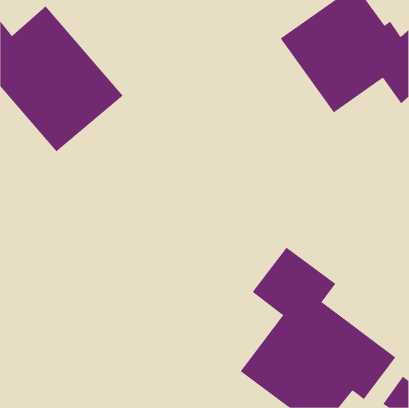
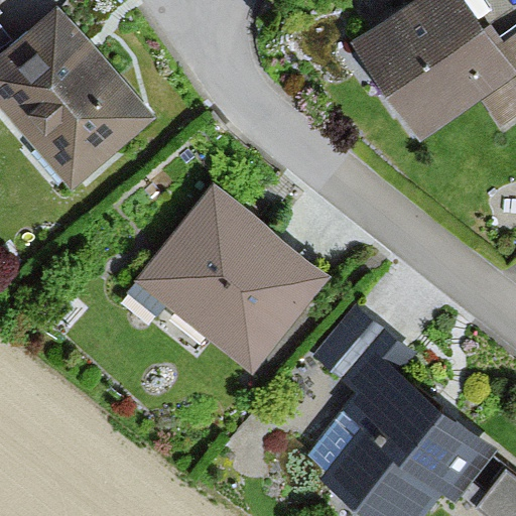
building: none -> [137,187,324,358]

